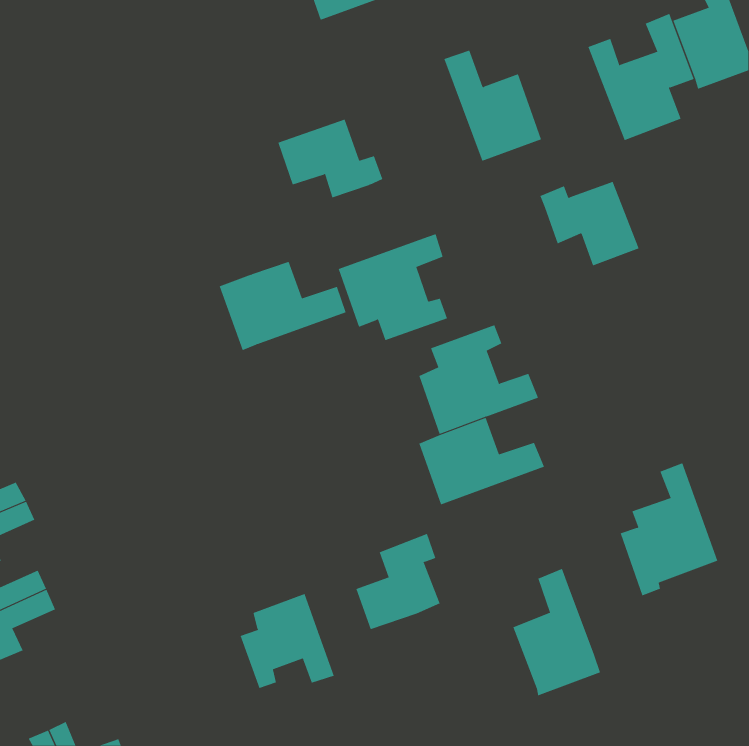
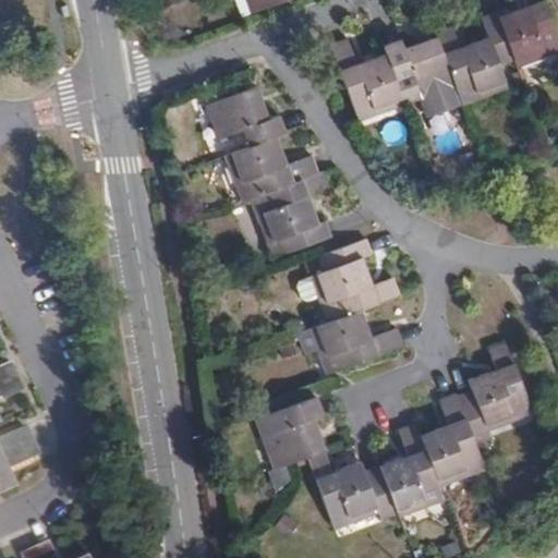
building: [540,181,639,266] -> [381,35,456,98]
building: [219,261,346,351] -> [222,137,317,204]
building: none -> [422,392,486,486]
building: [240,593,335,689] -> none
building: none -> [310,448,398,527]

